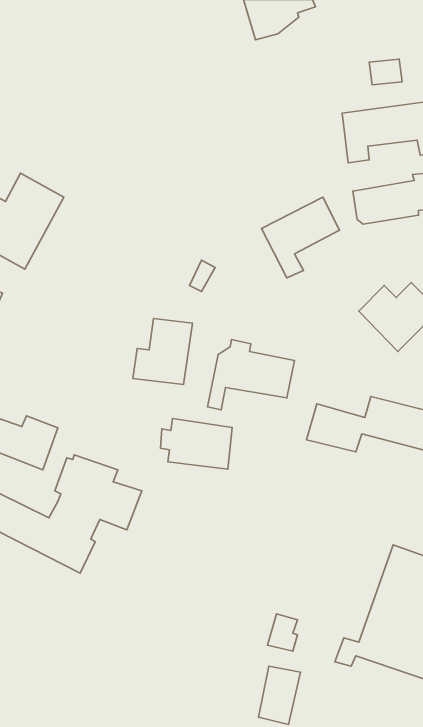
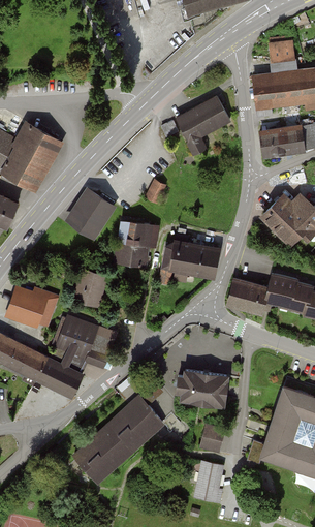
building: [262,197,339,278] -> [176,97,229,153]
building: none -> [68,190,113,237]
building: none -> [74,271,104,303]
building: [160,418,232,469] -> [178,370,227,405]
building: none -> [74,396,165,484]

